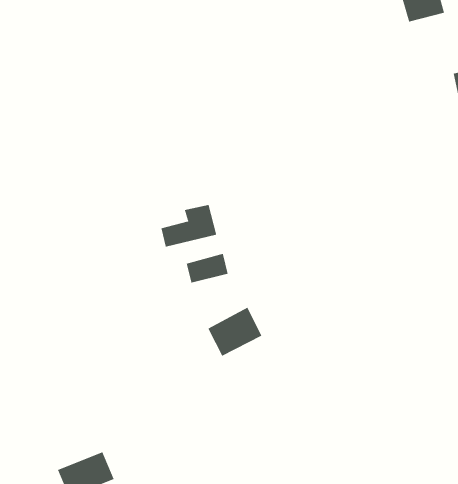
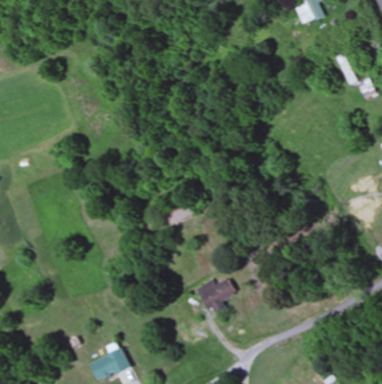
building: [161,204,217,248] -> none
building: [207,307,262,356] -> [200,274,238,311]

